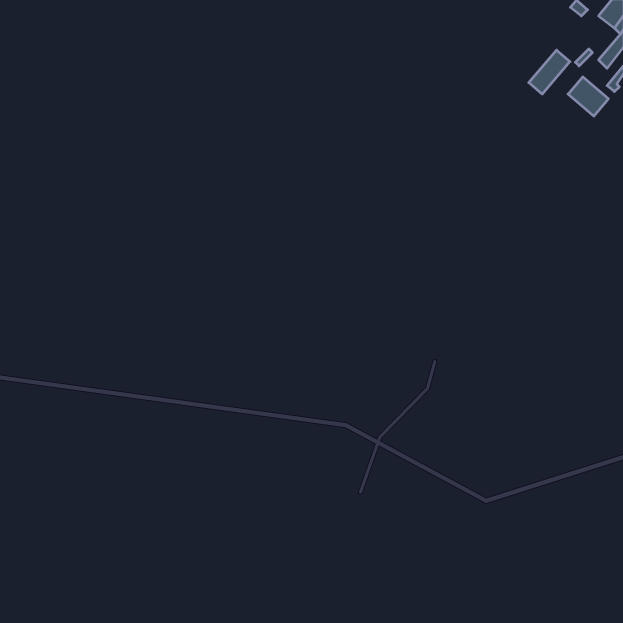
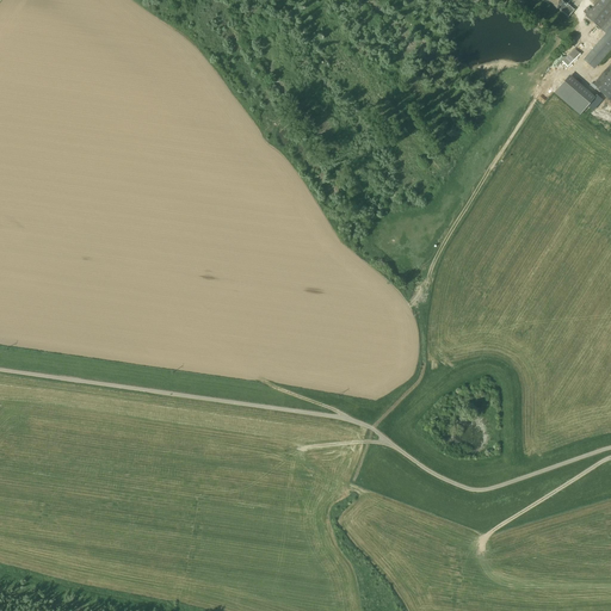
building: [529,50,570,94] -> none

